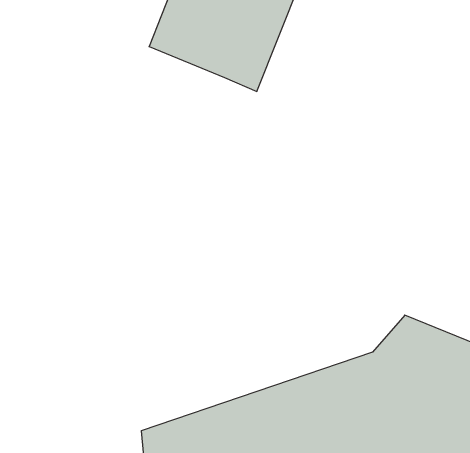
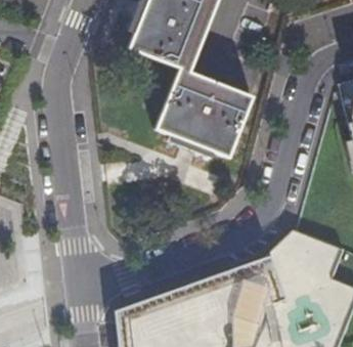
building: none -> [152,73,248,164]

